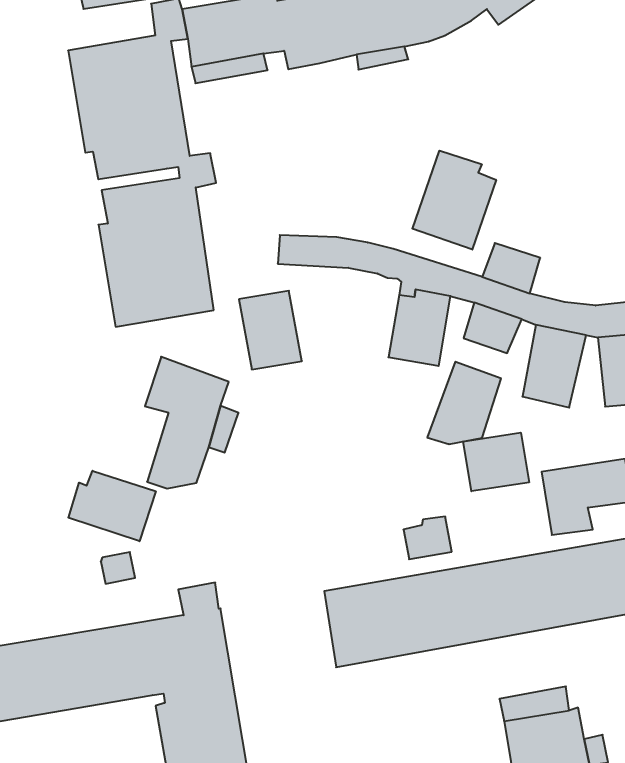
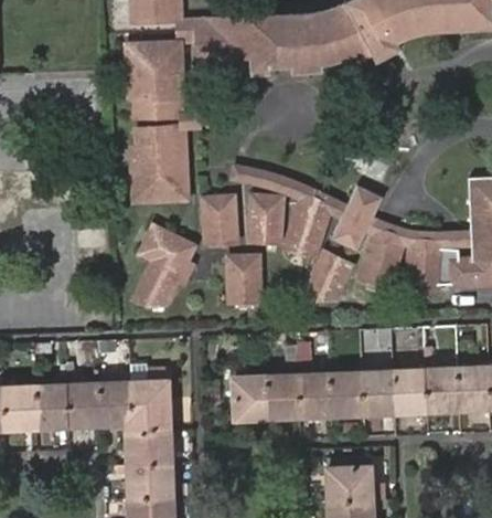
building: [412,151,496,250] -> none
building: none -> [250,198,282,243]
building: none -> [228,258,258,304]
building: [463,433,529,491] -> none
building: [68,471,156,541] -> none

